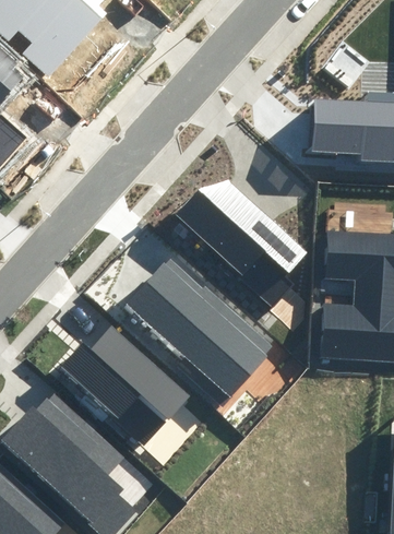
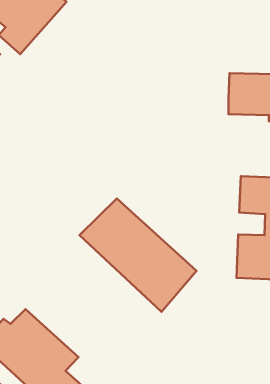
building: [181,178,309,297] -> none
building: [59,327,190,446] -> none

